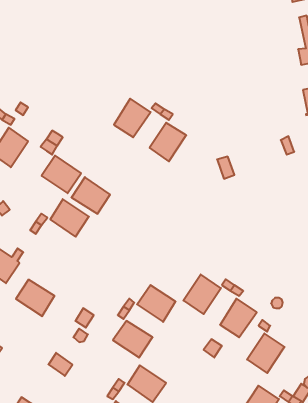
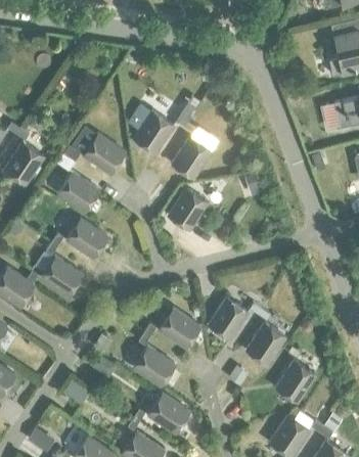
building: none -> [168,188,207,229]
building: [71,177,110,214] -> [83,134,124,173]
building: [16,280,55,316] -> [41,257,82,295]

